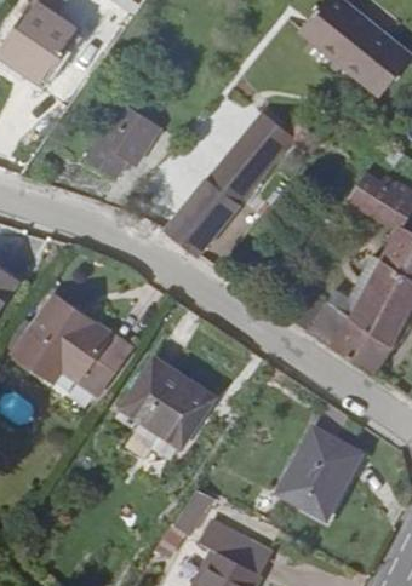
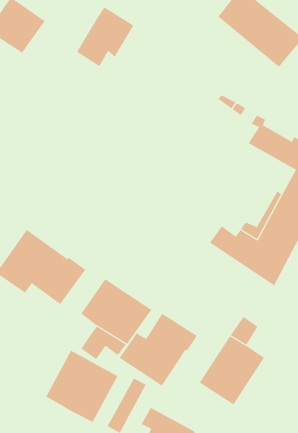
building: [164,110,296,252] -> none
building: [75,115,149,193] -> [76,6,134,67]
building: none -> [119,313,197,387]
building: none -> [45,350,118,423]

